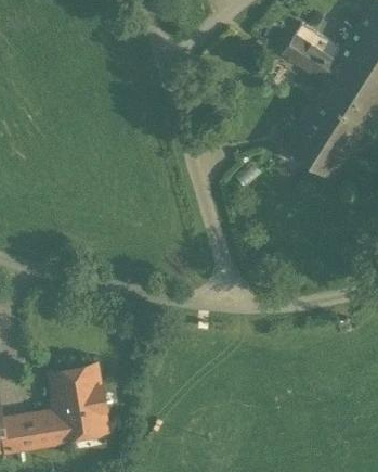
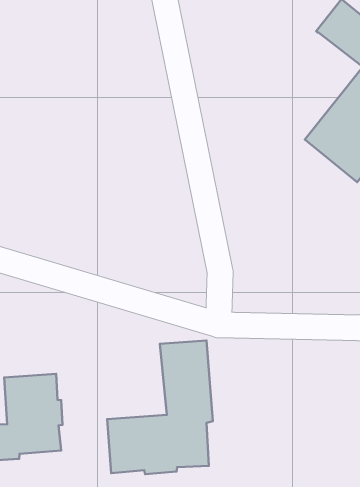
building: none -> [107,341,213,474]

